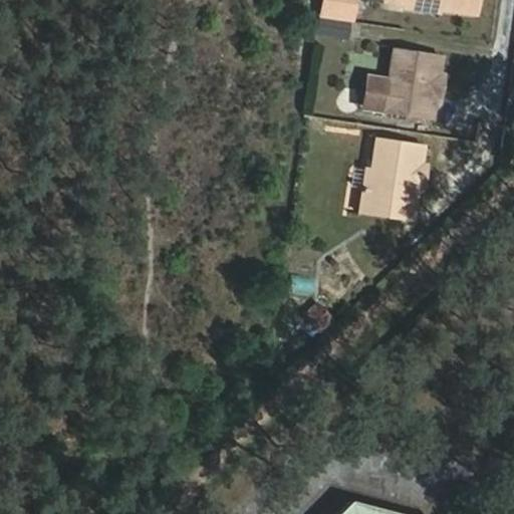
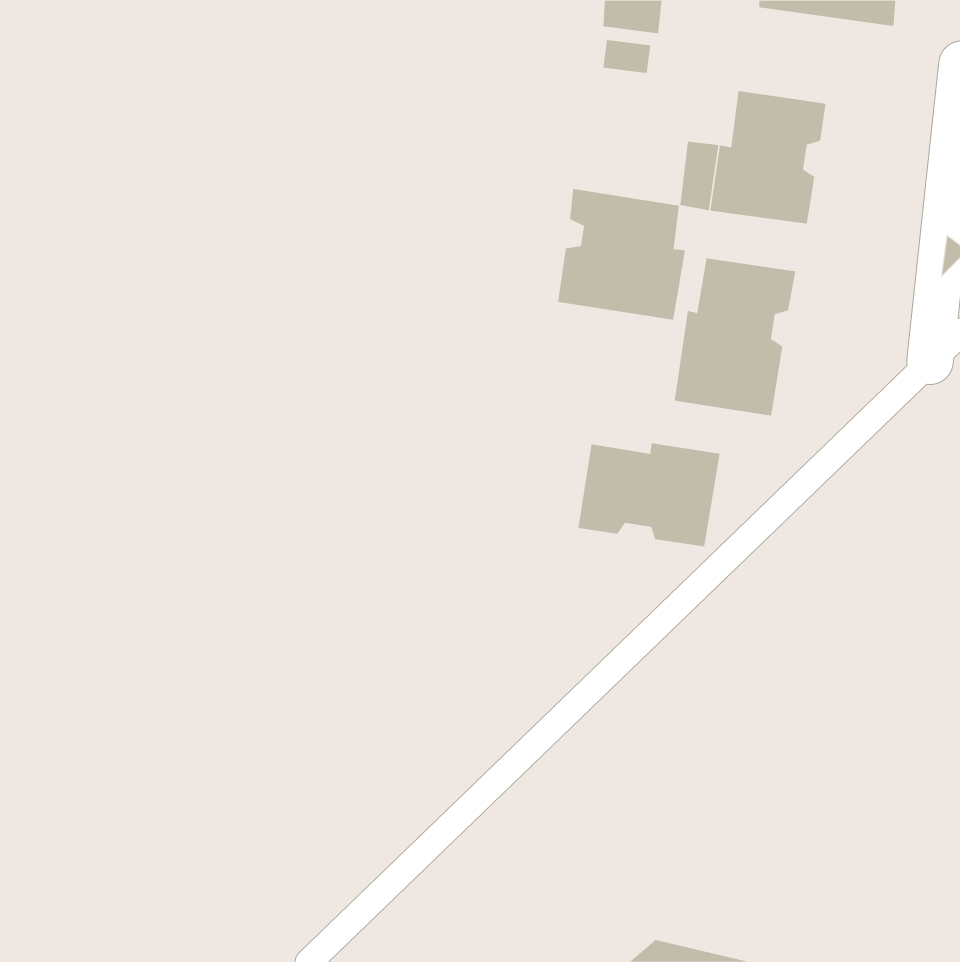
building: none -> [558,188,685,320]
building: none -> [578,442,720,547]

